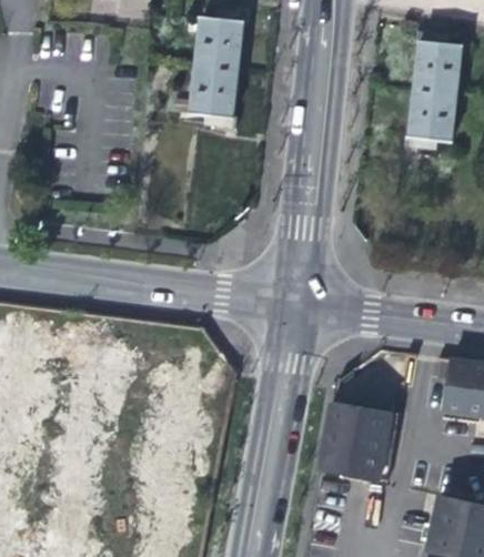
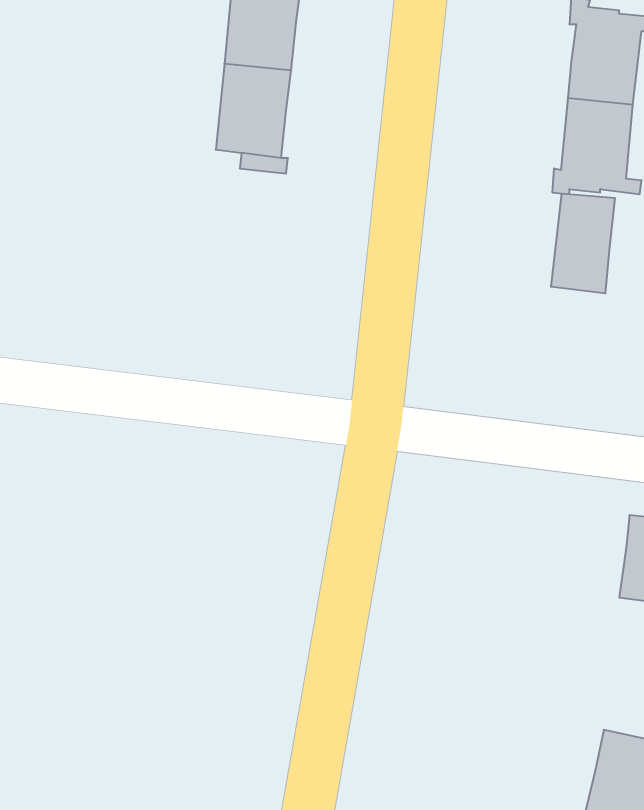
building: none -> [551,194,615,294]
building: [316,402,397,482] -> none

